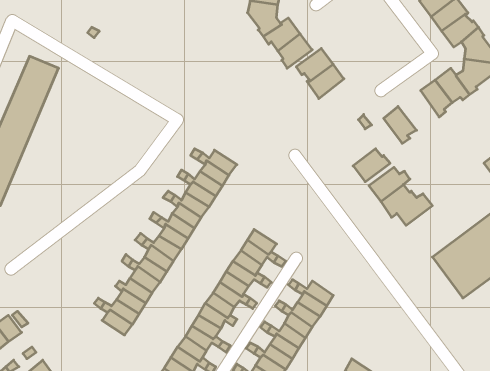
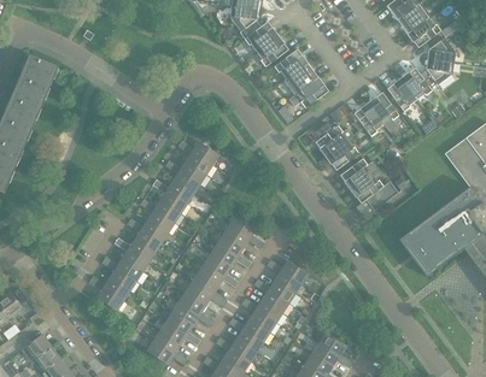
building: none -> [289,77,328,108]
building: none -> [367,92,399,131]
building: none -> [315,123,353,157]

